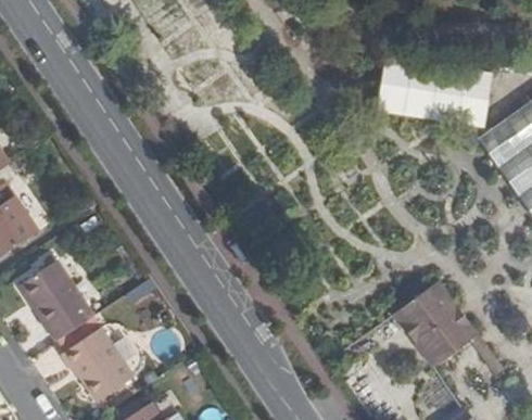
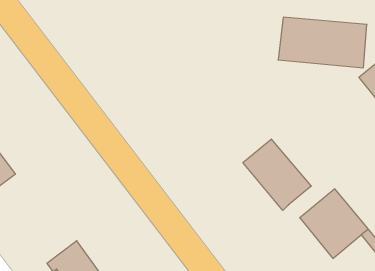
building: none -> [243,139,311,210]
building: [21,259,96,342] -> none

